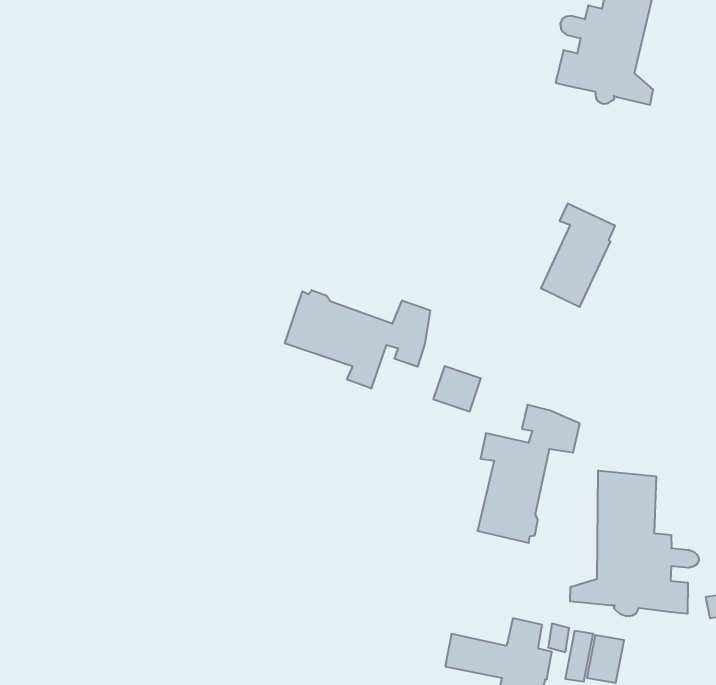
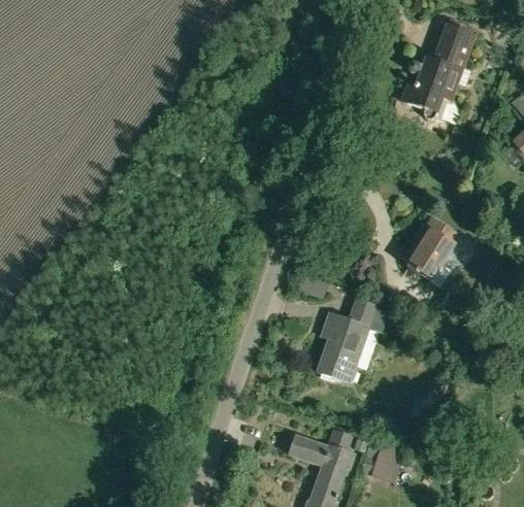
building: [541,203,615,307] -> [407,215,458,280]
building: [285,290,430,389] -> none
building: [570,470,699,616] -> none

